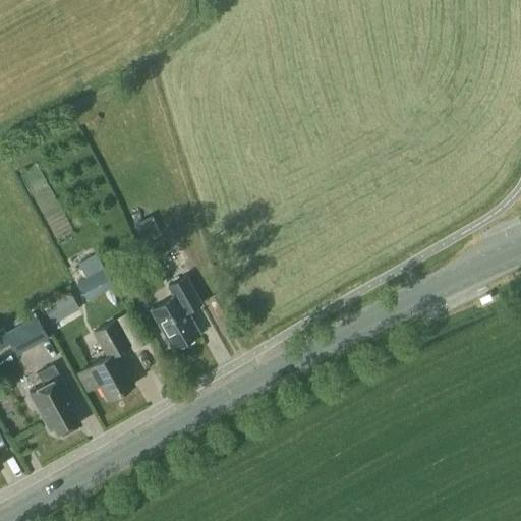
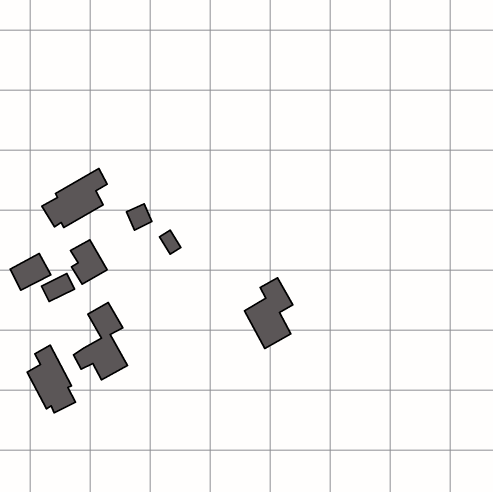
building: none -> [42,168,107,228]
building: [151,277,201,351] -> [245,278,293,348]
building: [5,315,48,354] -> [10,254,51,290]

